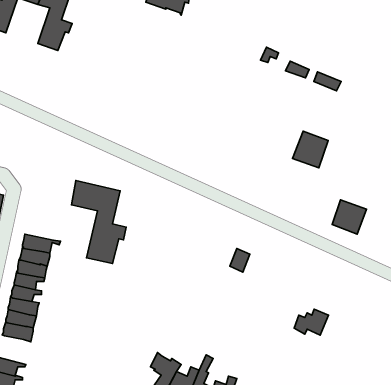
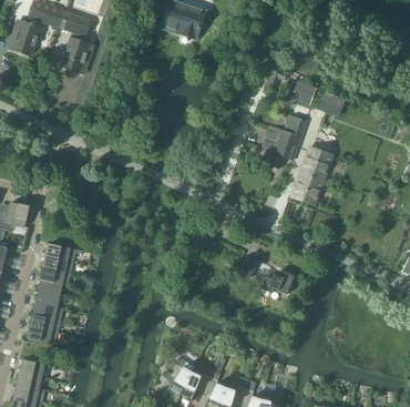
building: none -> [260,115,305,159]
building: [71,181,126,264] -> none
building: [332,200,367,234] -> [291,172,324,204]
building: [294,309,328,335] -> [263,272,295,296]

